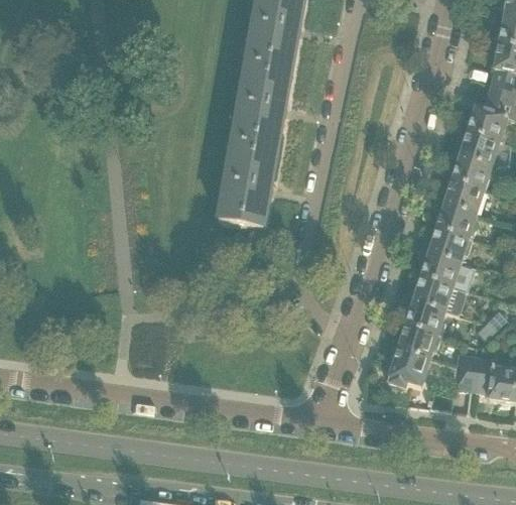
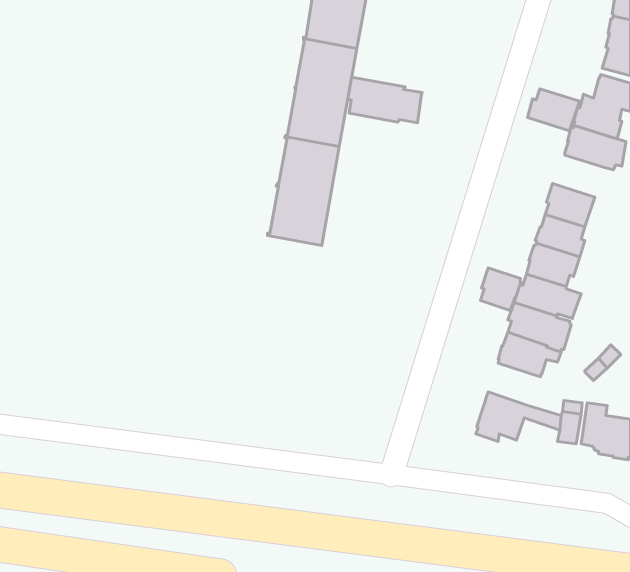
building: none -> [348,77,422,123]
building: [449,153,492,187] -> [528,89,580,131]
building: none -> [481,268,521,310]
building: [397,323,439,357] -> none

